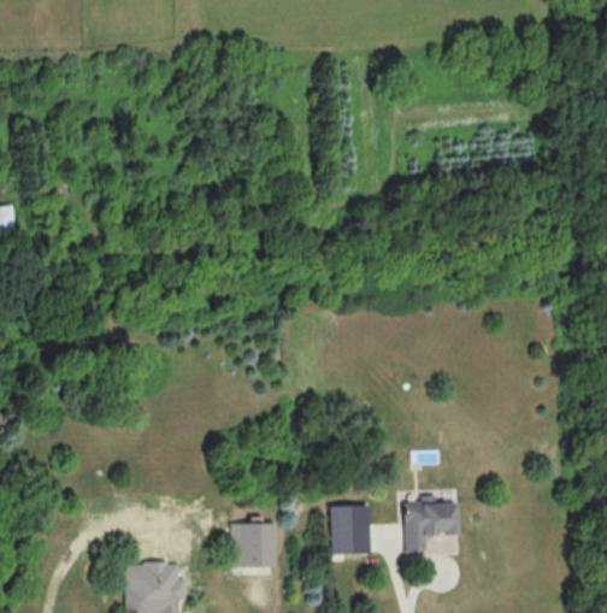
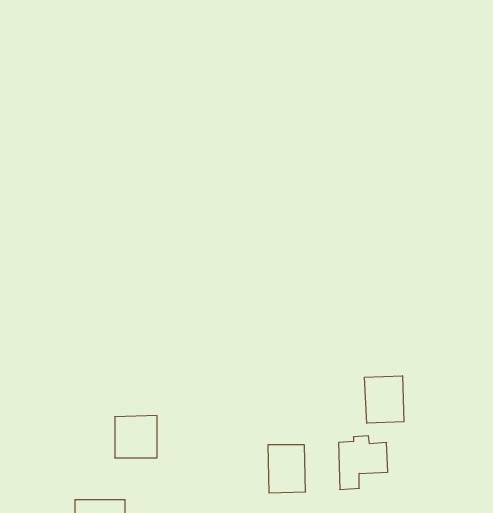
building: none -> [364,376,404,423]
building: [230,523,275,567] -> [115,416,157,458]

